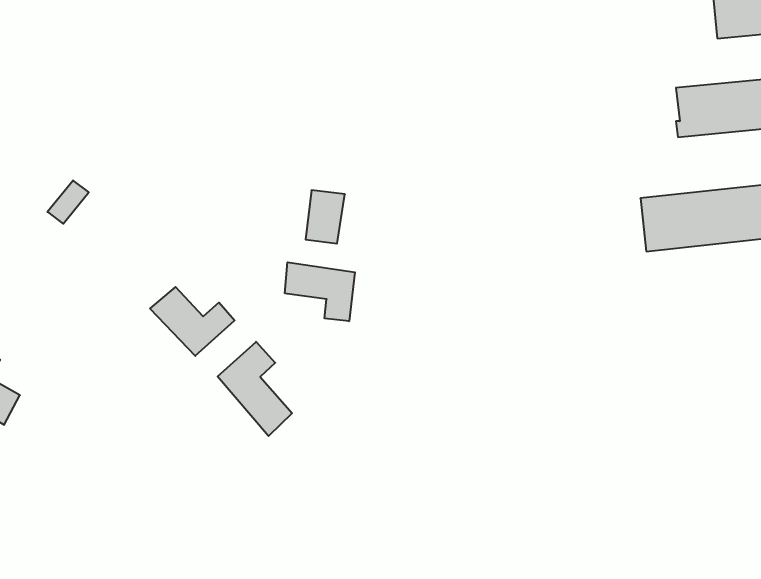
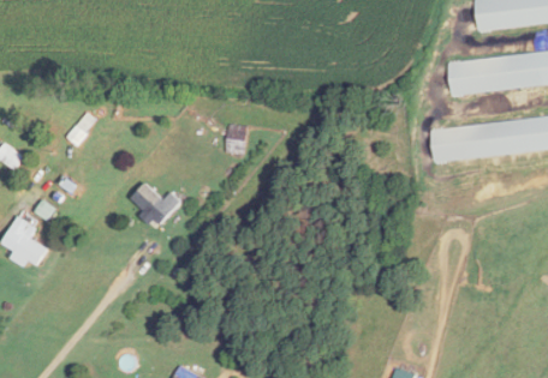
building: [285,262,355,321] -> none
building: [218,342,292,436] -> none

